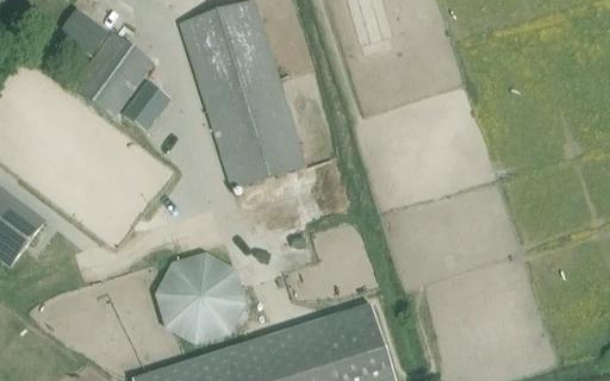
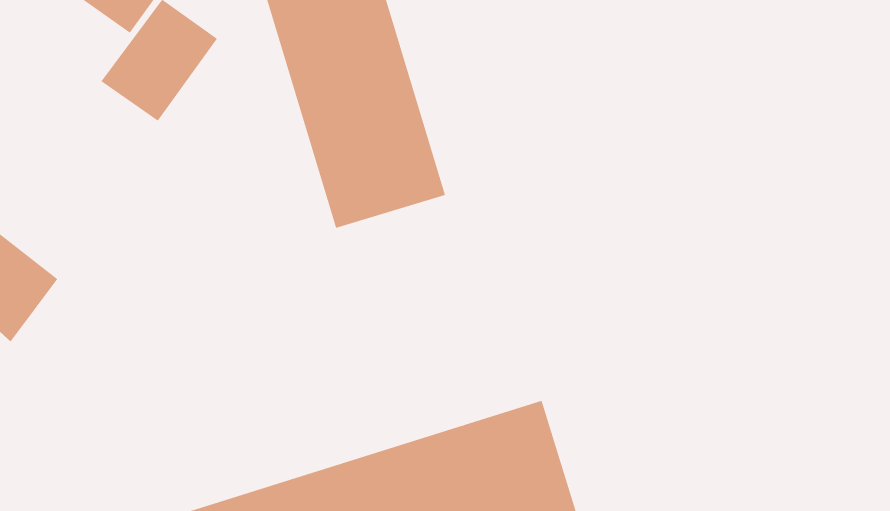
building: [120,80,169,131] -> none
building: [160,258,239,338] -> none

